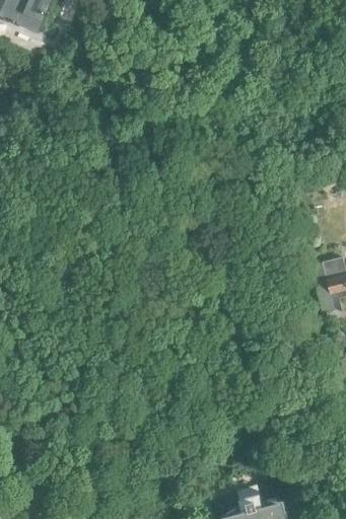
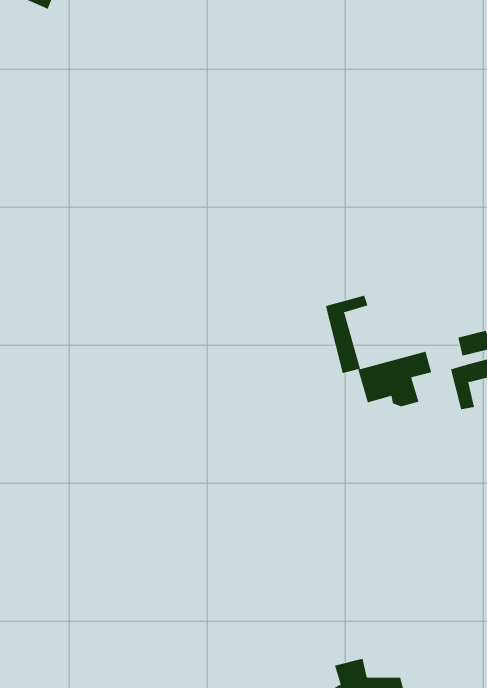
building: none -> [325,295,432,407]

